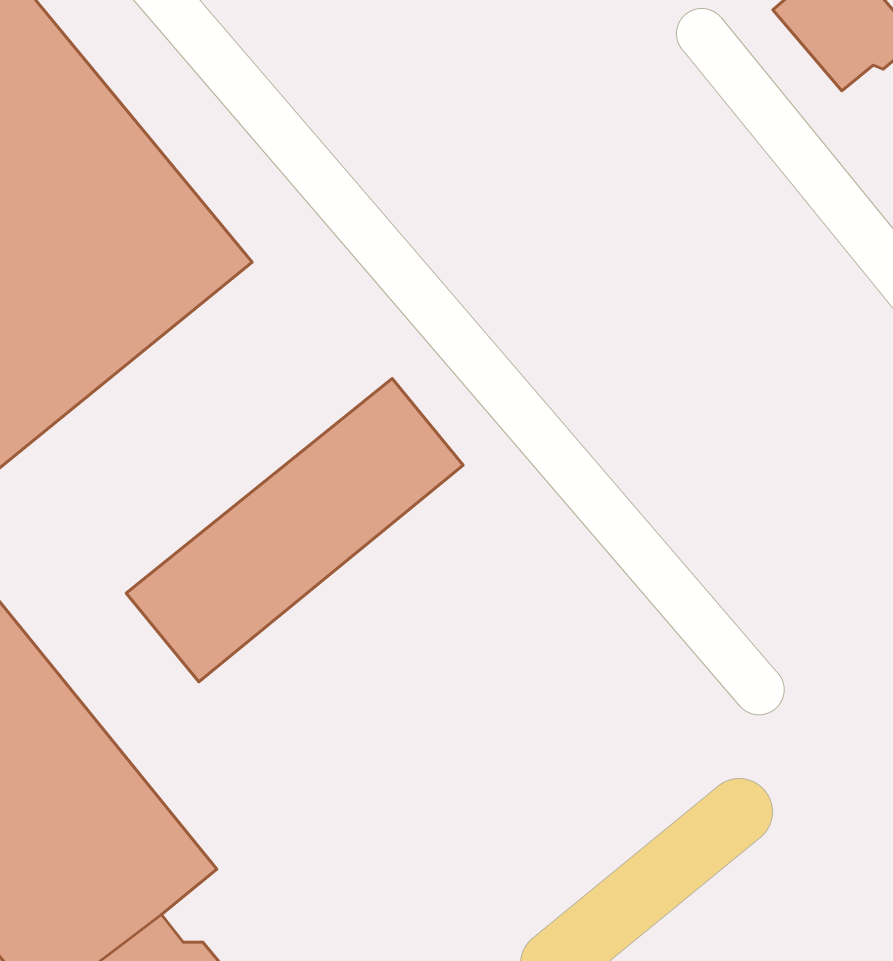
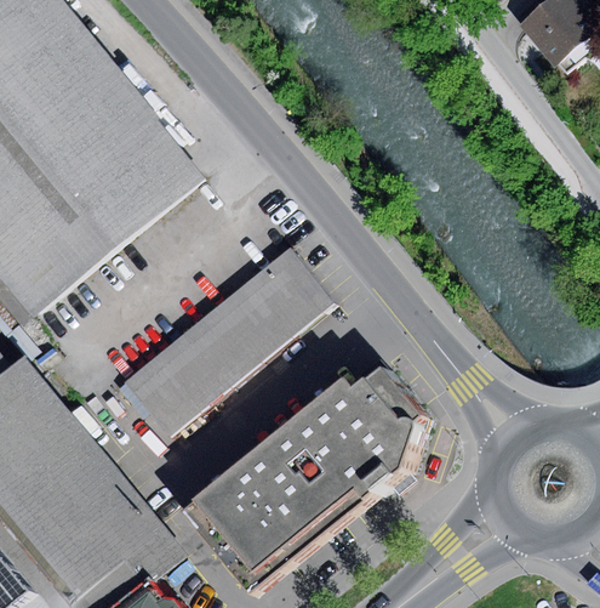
building: none -> [189,365,424,591]

